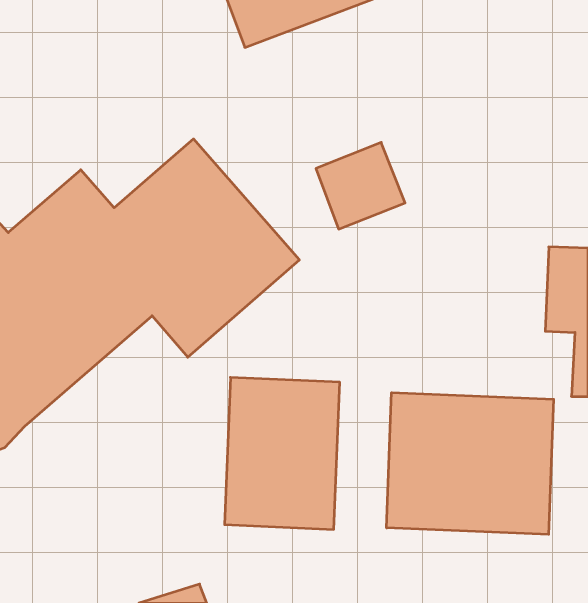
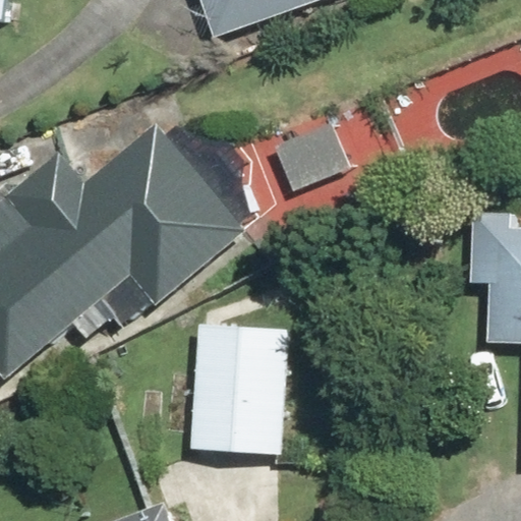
building: [387,393,554,534] -> none

